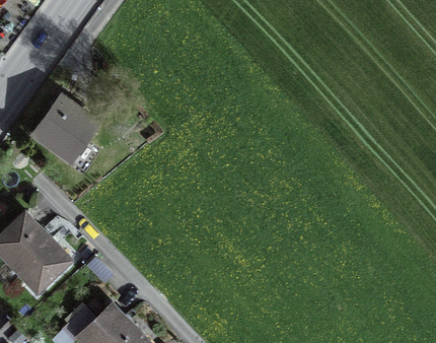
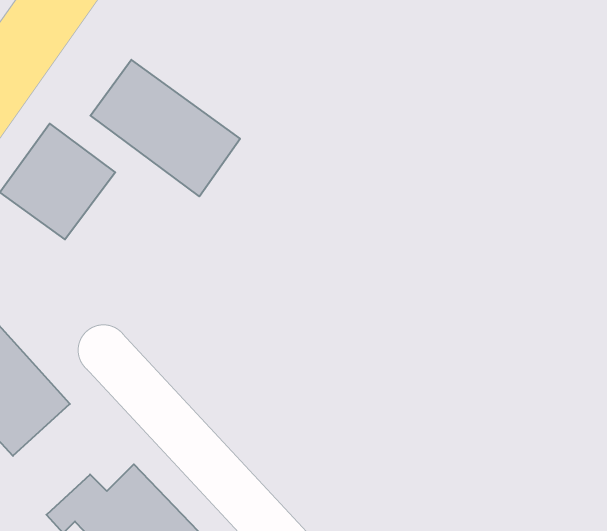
building: none -> [90,60,240,196]

